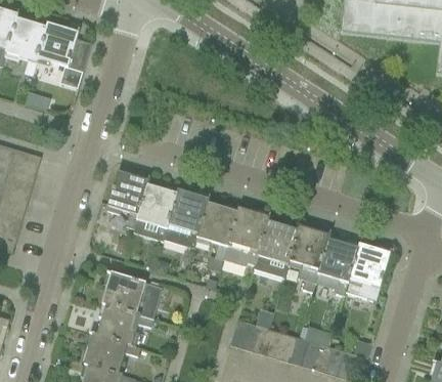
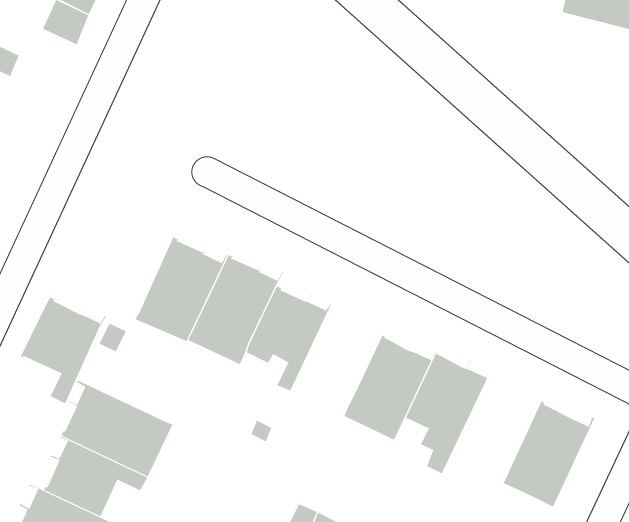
building: [105,170,149,227] -> [20,297,107,404]
building: [223,207,270,265] -> none
building: [315,238,360,295] -> none

